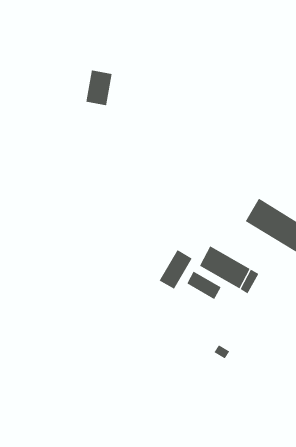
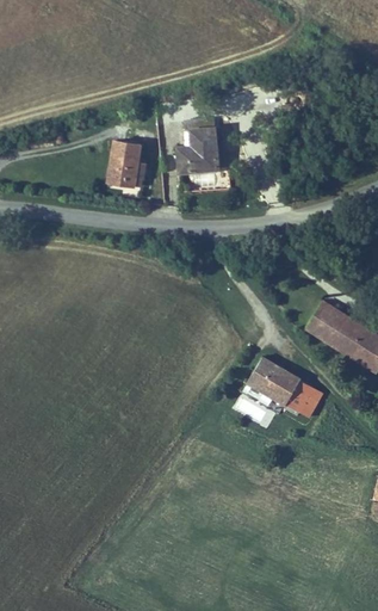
building: none -> [178,119,218,175]
building: [159,249,193,290] -> none

